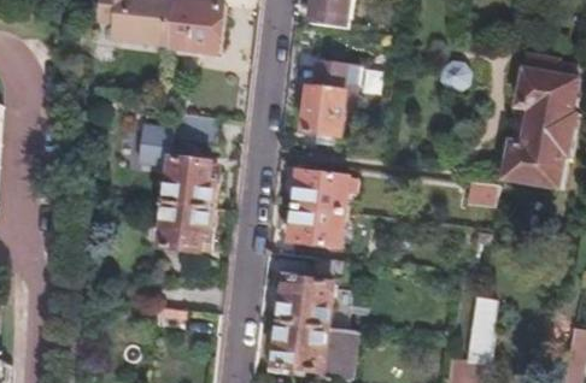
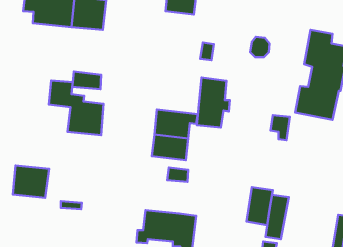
building: [303,60,352,135] -> [197,78,230,127]
building: [159,205,213,253] -> [13,166,49,198]
building: [275,272,335,326] -> none
building: none -> [247,187,273,225]

